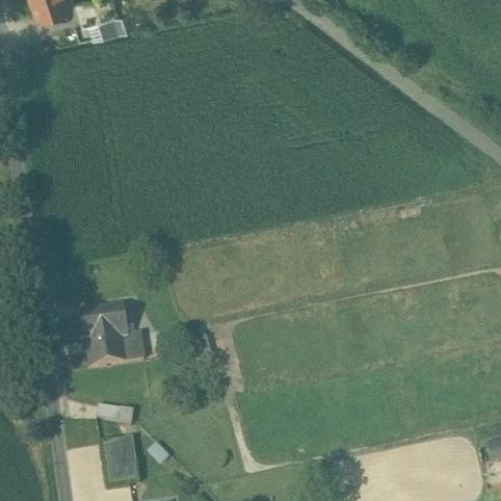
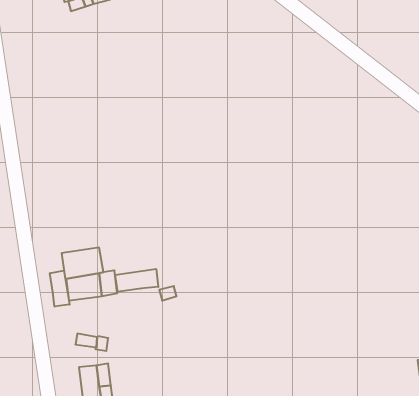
building: none -> [115,269,158,292]
building: none -> [50,270,70,307]

